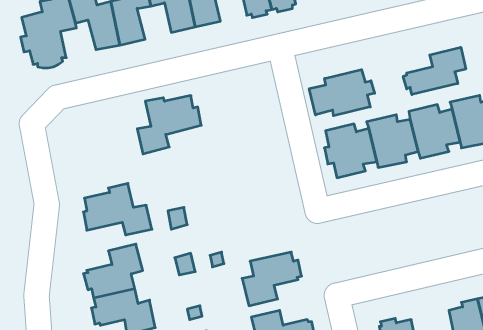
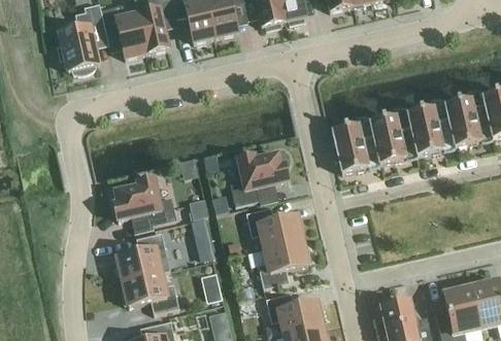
building: [403,47,466,95] -> none
building: [309,70,375,116] -> none
building: [137,96,201,154] -> [230,152,288,205]
building: none -> [245,206,303,247]

